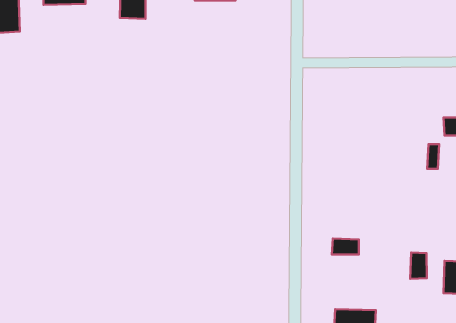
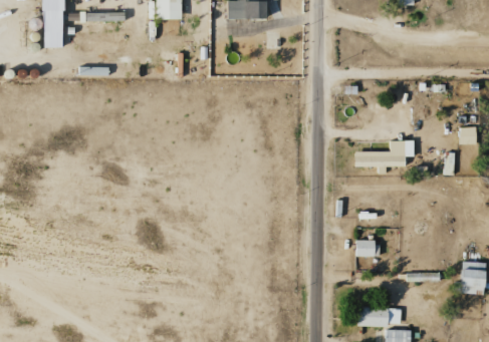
building: none -> [354,140,415,175]
building: [410,253,427,279] -> none

